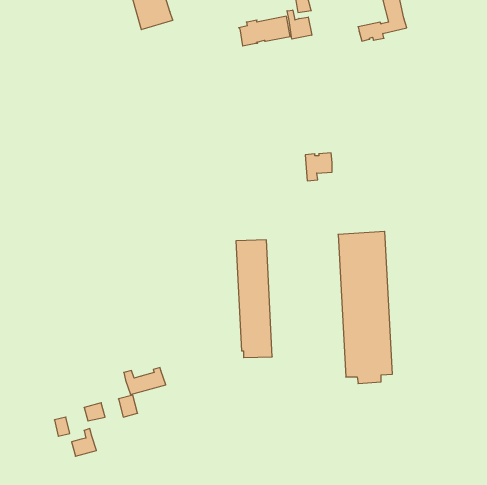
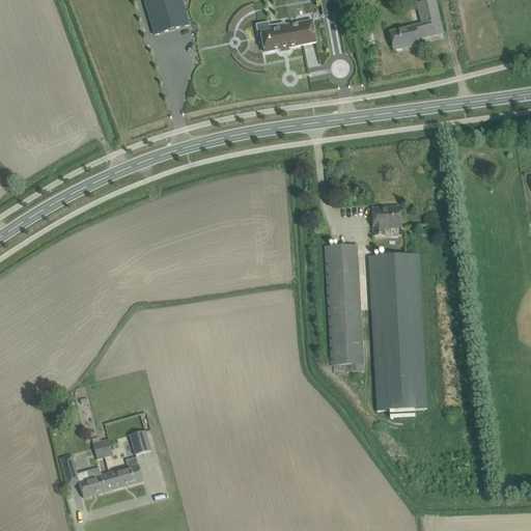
building: [287,10,312,39] -> none
building: [305,153,332,181] -> [371,204,400,234]
building: [236,240,272,358] -> [324,243,363,370]
building: [124,368,166,394] -> [97,459,143,488]

